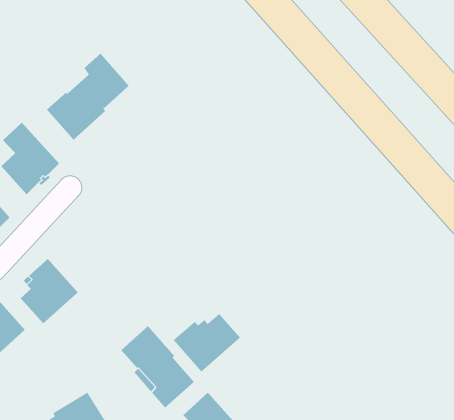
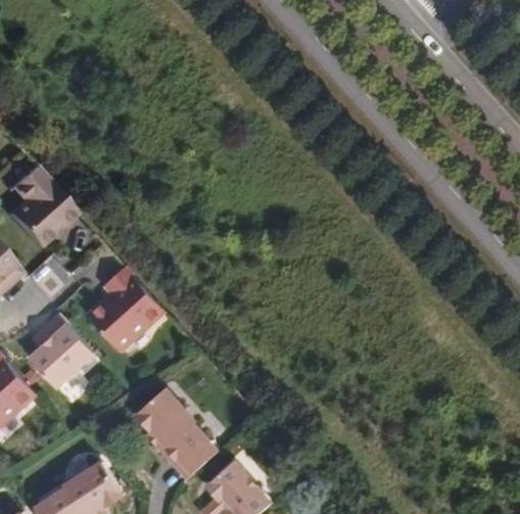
building: [46,53,130,140] -> none
building: none -> [88,265,161,349]
building: [173,313,241,372] -> none

